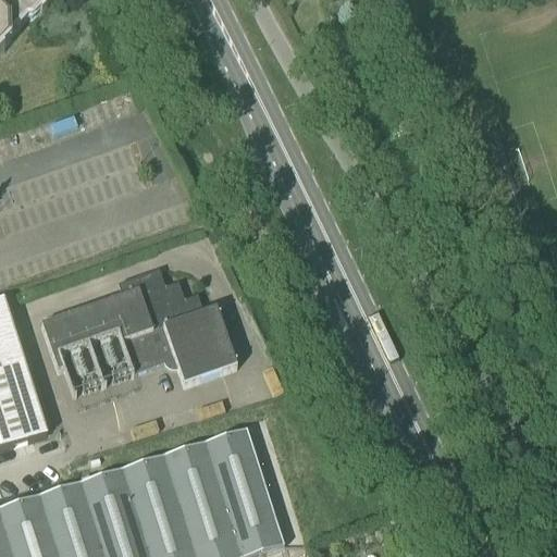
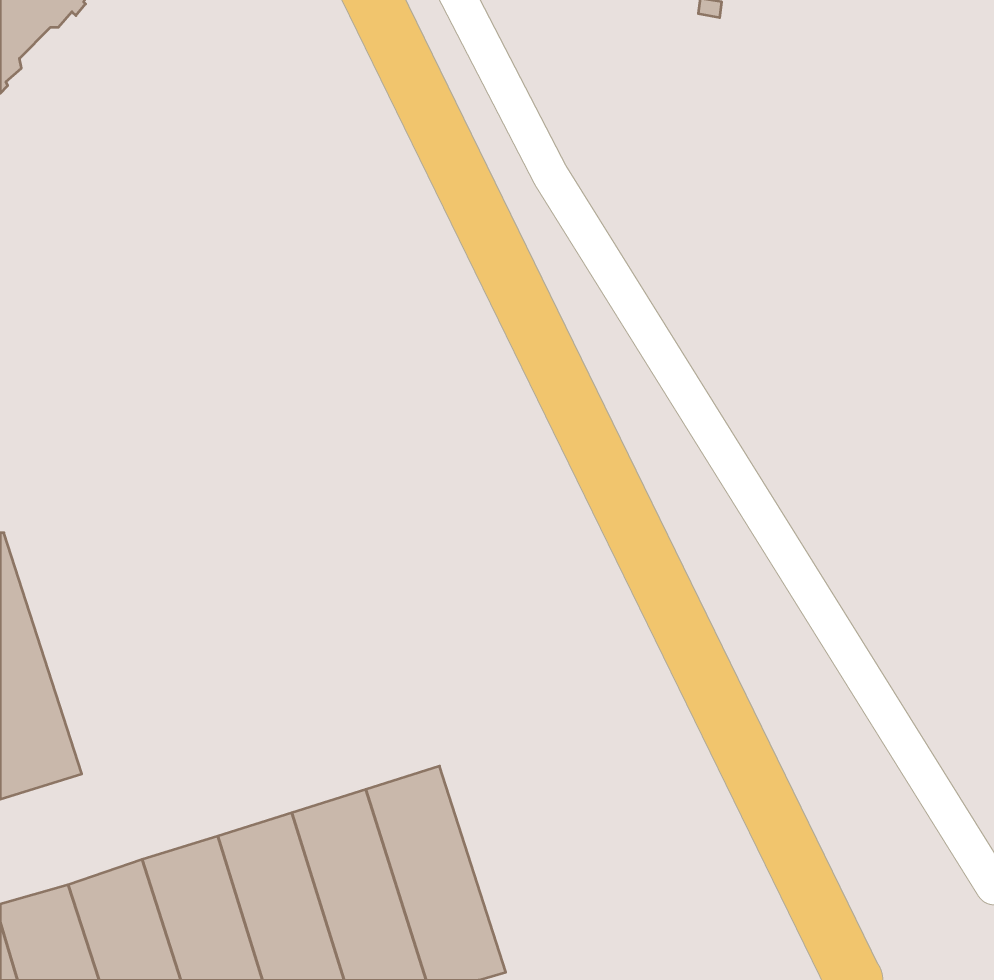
building: [40,268,237,395] -> none

